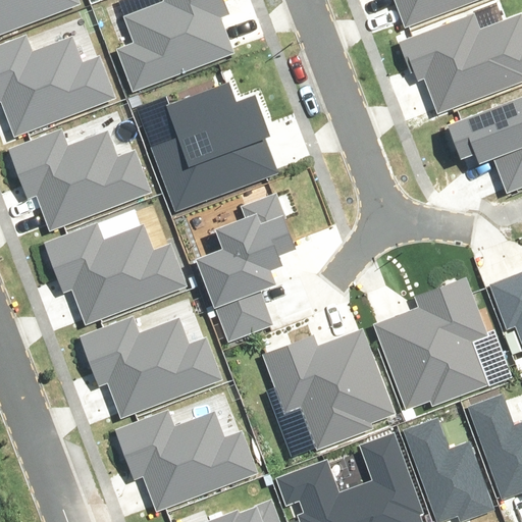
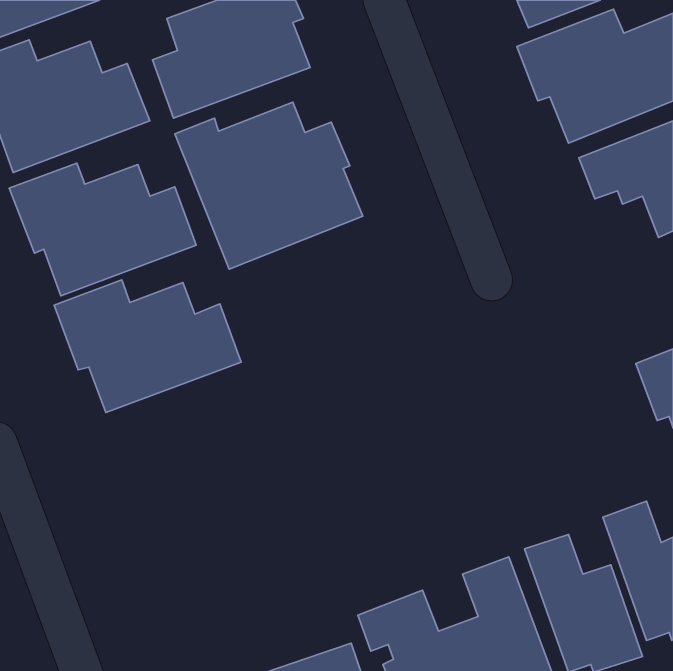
building: [200,189,300,336] -> none
building: [372,278,489,409] -> none
building: [82,317,225,419] -> none
building: [266,325,399,448] -> none
building: [115,410,259,512] -> none

